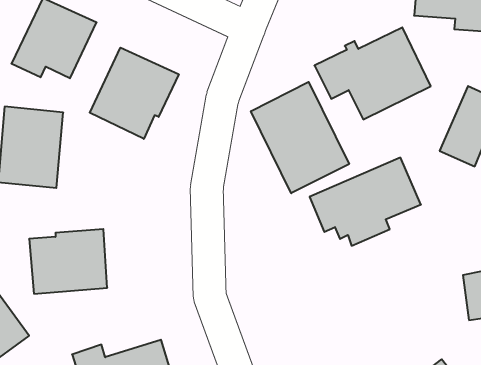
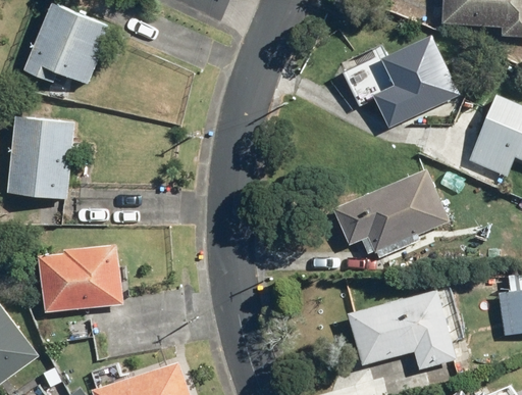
building: [90,48,179,139] -> none
building: [251,82,349,193] -> none
building: none -> [346,289,457,369]

